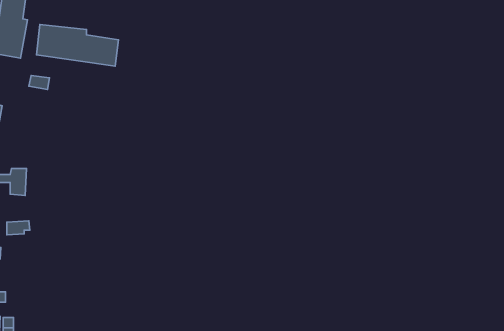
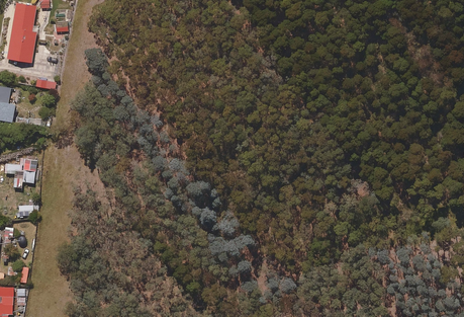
building: [37,24,119,66] -> none

